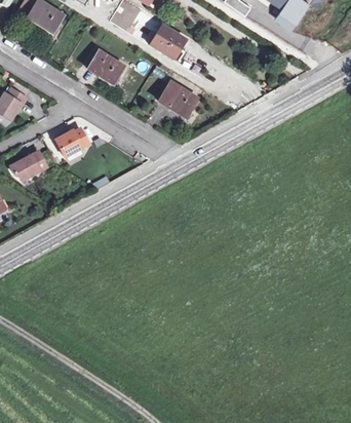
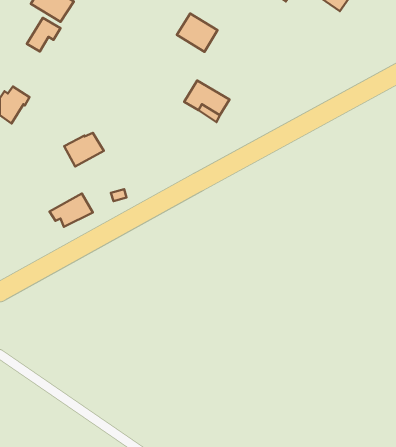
building: none -> [27,18,61,51]
building: [86,51,123,84] -> none
building: [10,150,47,179] -> [50,193,93,227]

